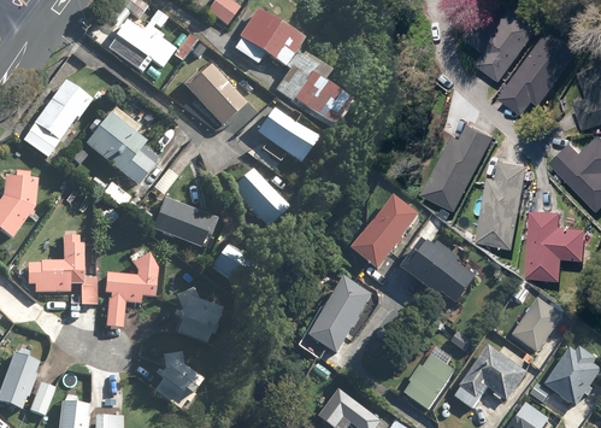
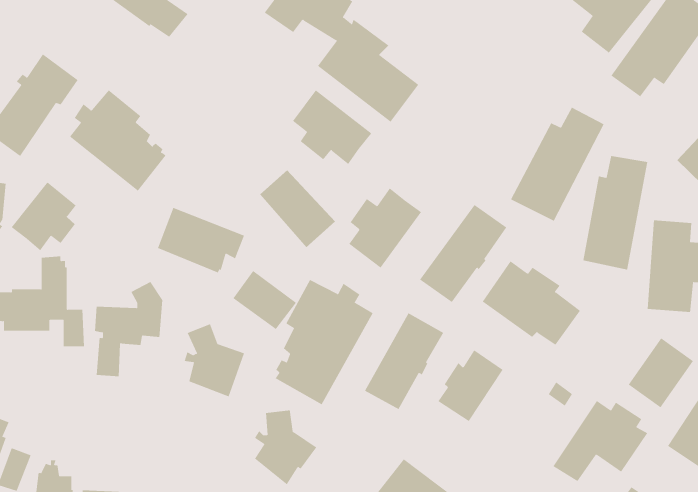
building: [182,64,246,127] -> none
building: none -> [11,181,77,251]
building: none -> [348,187,422,268]
building: none -> [275,279,374,405]
building: [154,352,202,410] -> [254,410,317,485]
building: [405,354,455,410] -> [438,349,504,422]

